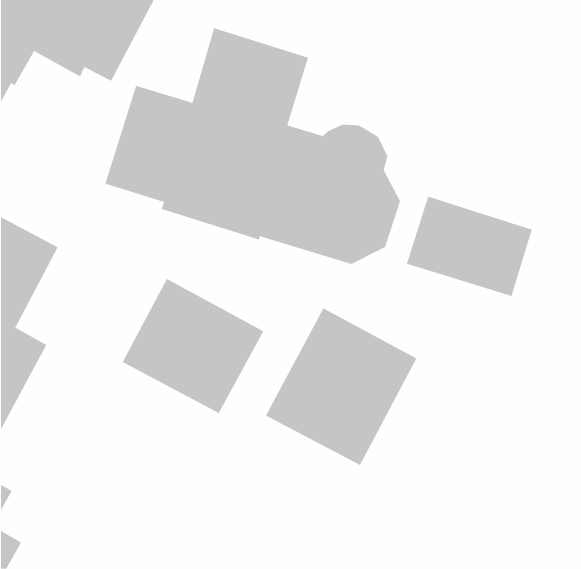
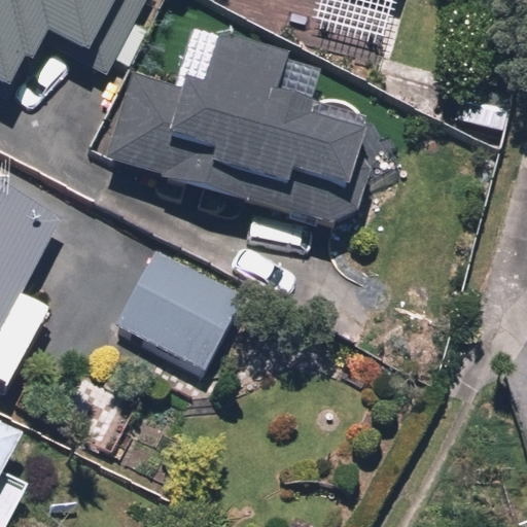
building: [406,196,532,297] -> none
building: [265,307,417,466] -> none

